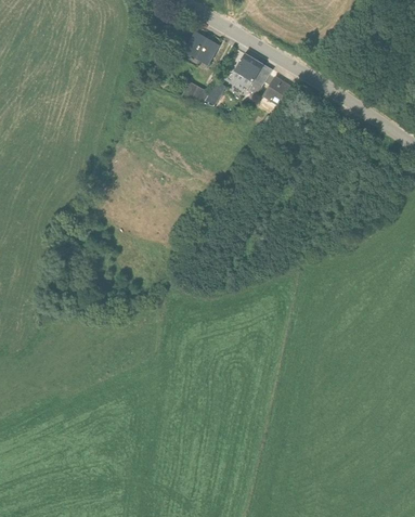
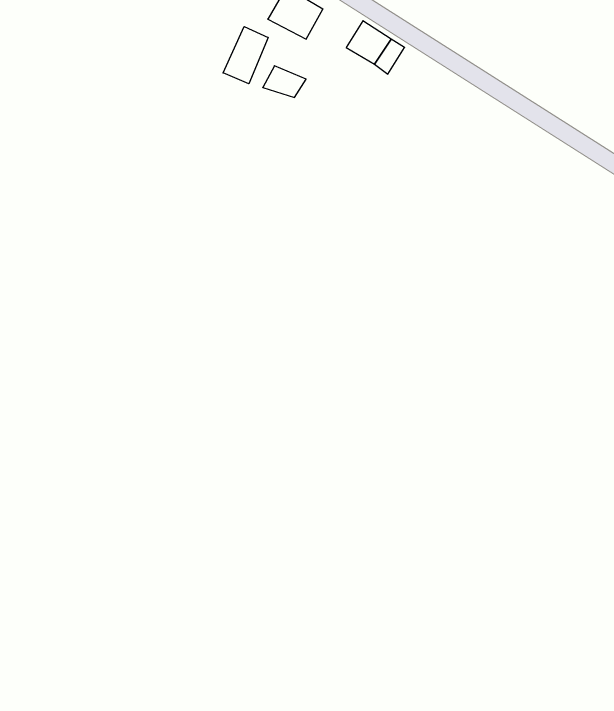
building: none -> [223,27,268,84]
building: [262,76,290,105] -> none

